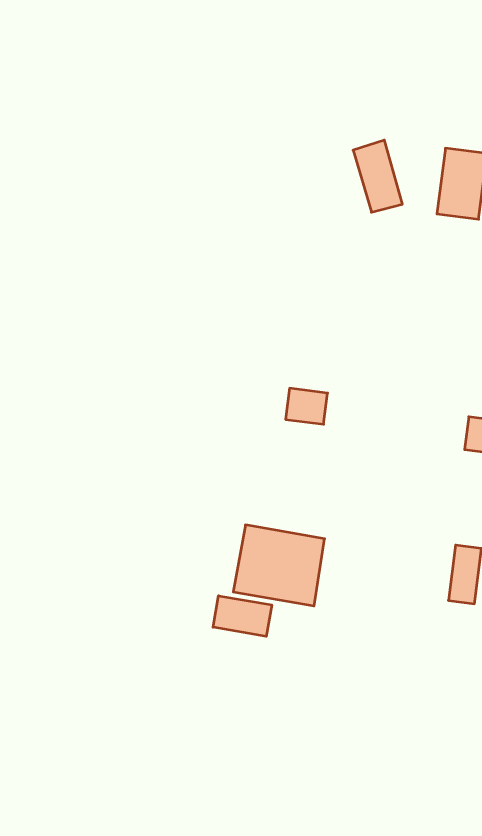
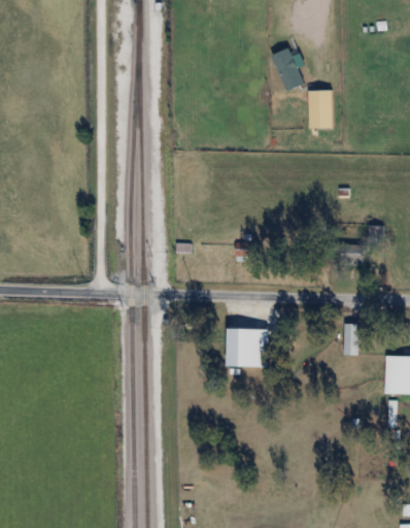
building: [353,140,402,212] -> [273,47,306,91]
building: [213,596,272,636] -> none

